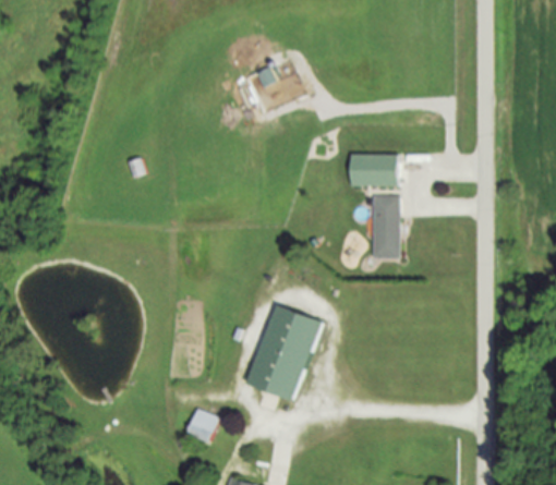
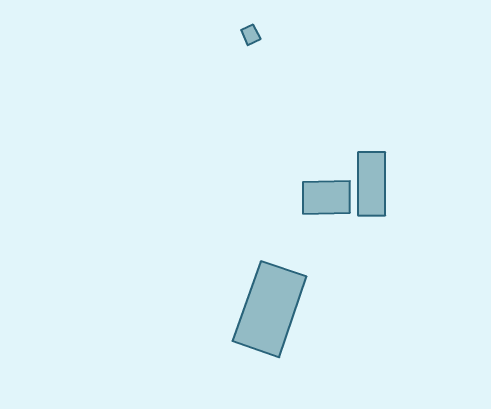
building: [350,154,397,186] -> [303,181,350,214]
building: [185,409,218,444] -> none

